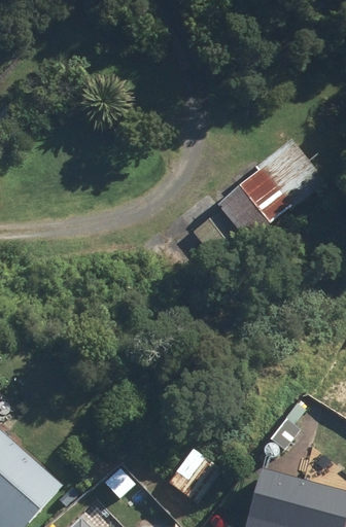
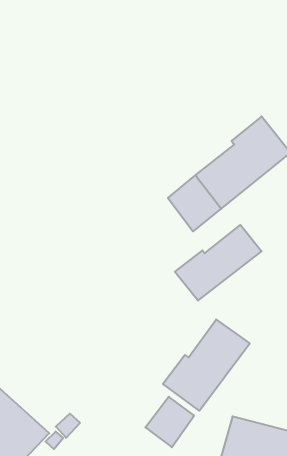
building: none -> [175,225,262,301]
building: none -> [163,319,250,411]

